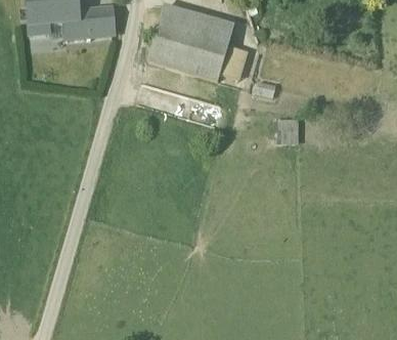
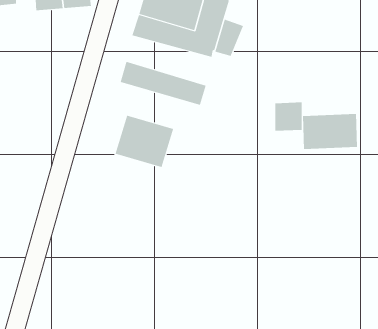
building: none -> [302,113,357,150]
building: none -> [115,115,174,168]

